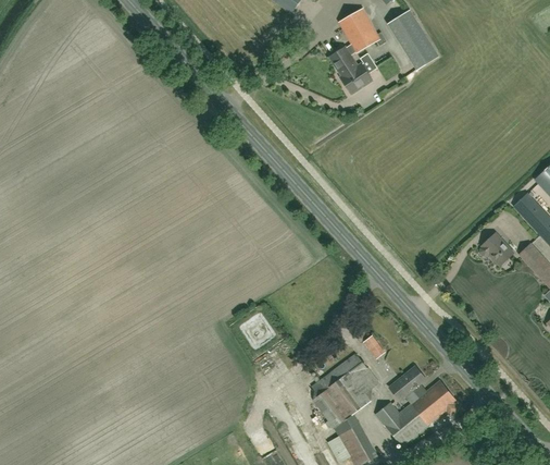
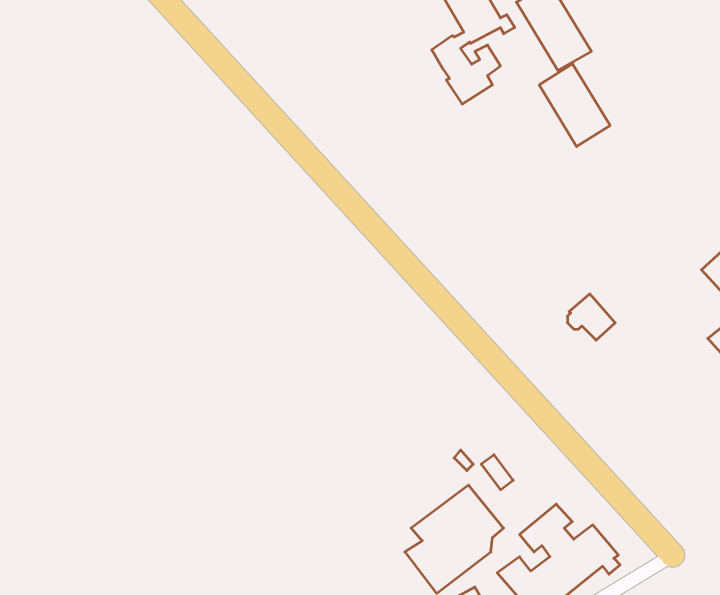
building: none -> [539,64,610,147]
building: [479,232,512,264] -> [567,294,615,340]

